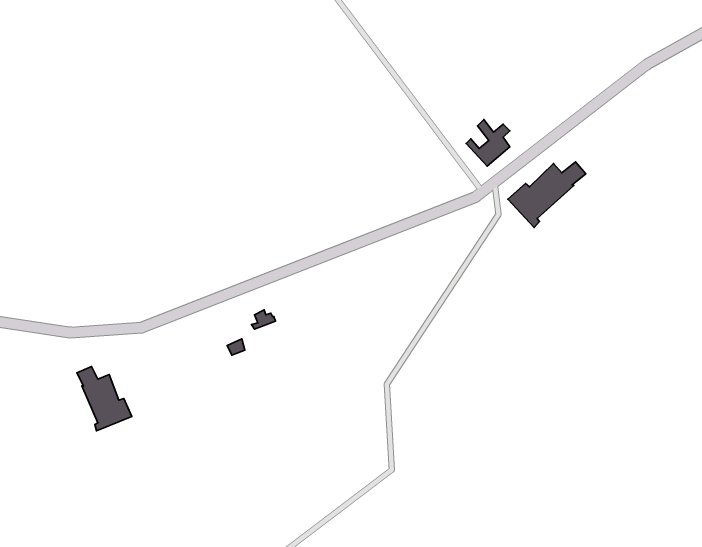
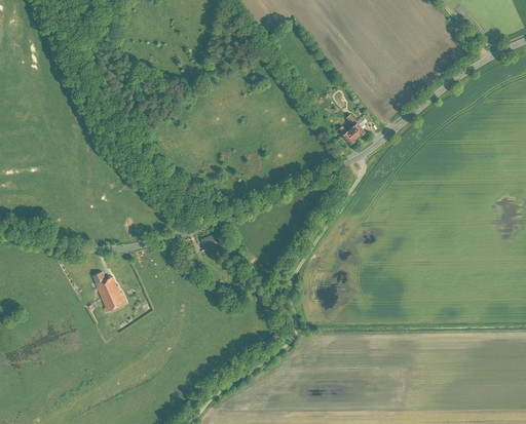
building: [508,162,586,228] -> none

